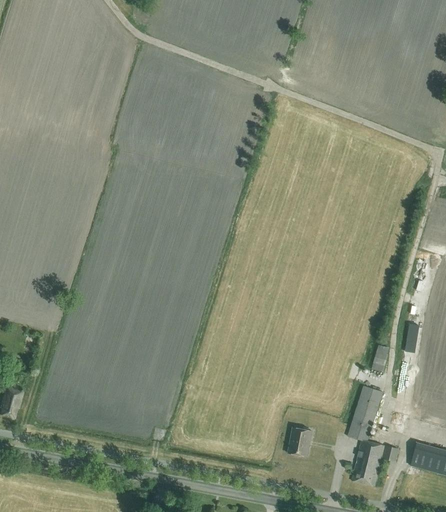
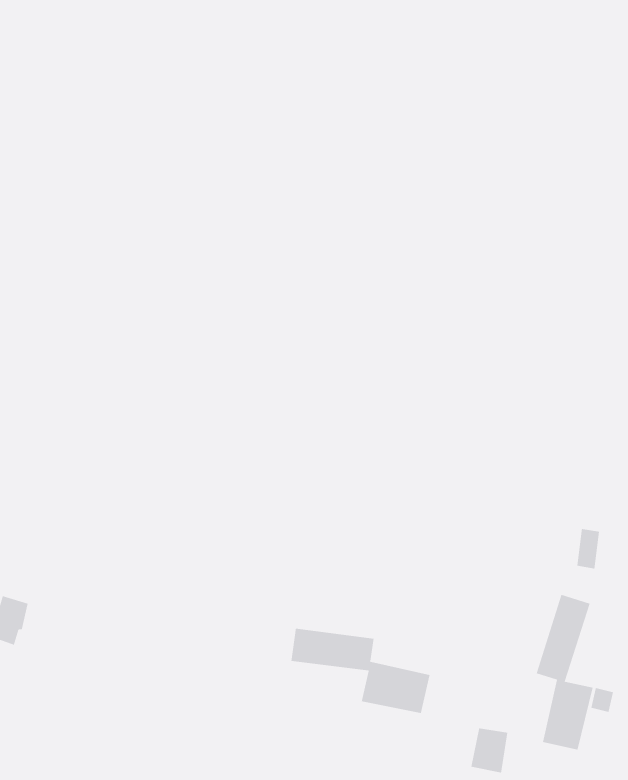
building: none -> [291,628,430,714]
building: [287,427,311,456] -> [471,728,508,773]

